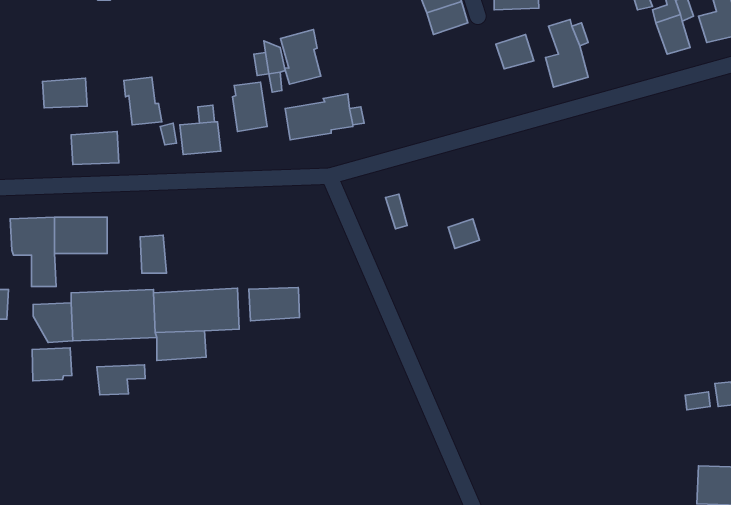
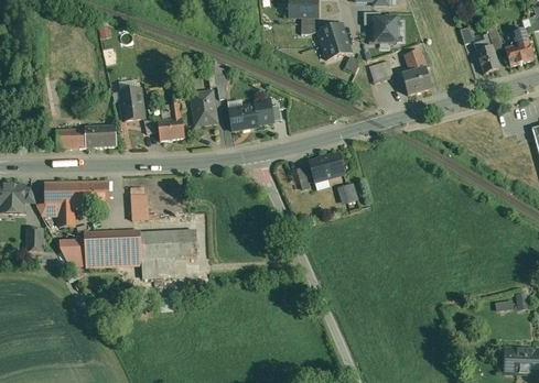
building: [280,30,321,84] -> none
building: [43,78,87,108] -> [56,128,86,147]
building: none -> [310,150,347,180]
building: [249,288,300,321] -> none
building: [32,348,72,381] -> none
building: [97,365,145,395] -> none

